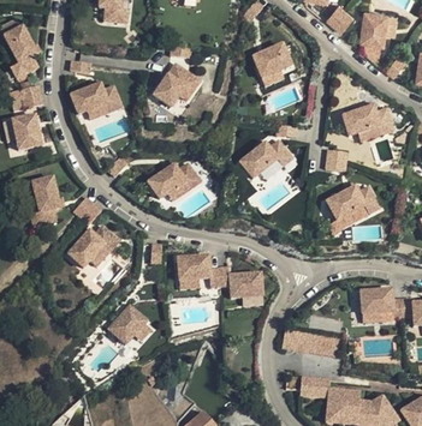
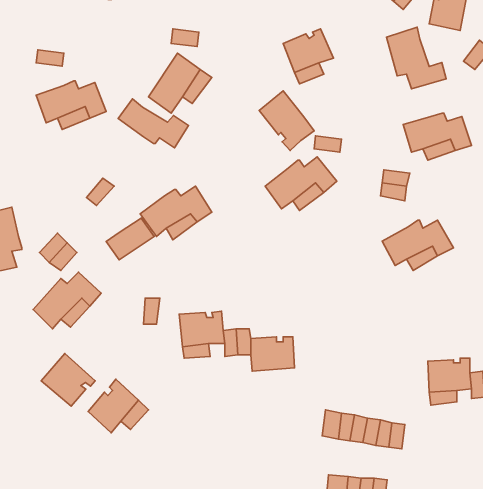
building: none -> [387,27,446,89]
building: none -> [259,91,314,150]
building: none -> [118,99,188,148]
building: none -> [106,218,154,260]
building: none -> [41,353,95,406]

